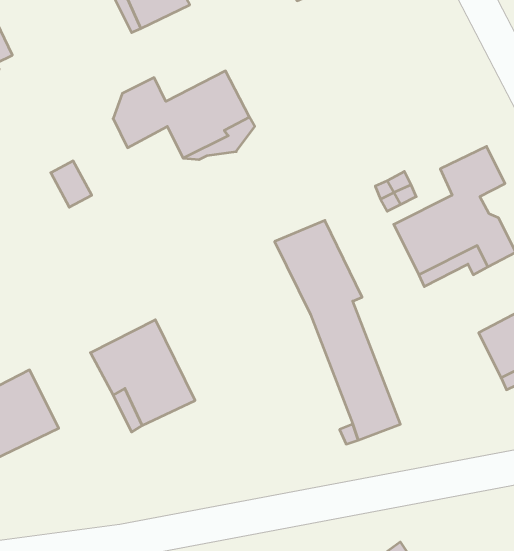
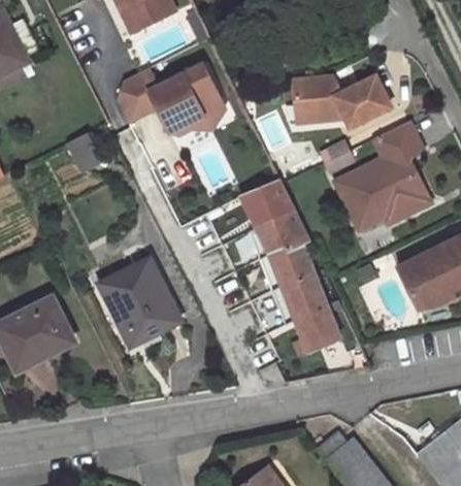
building: none -> [295,75,392,127]

